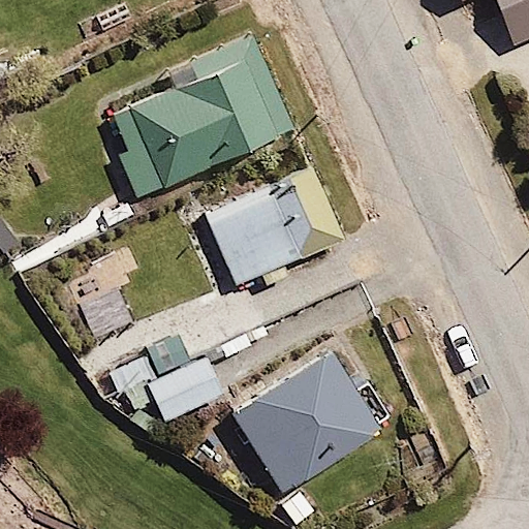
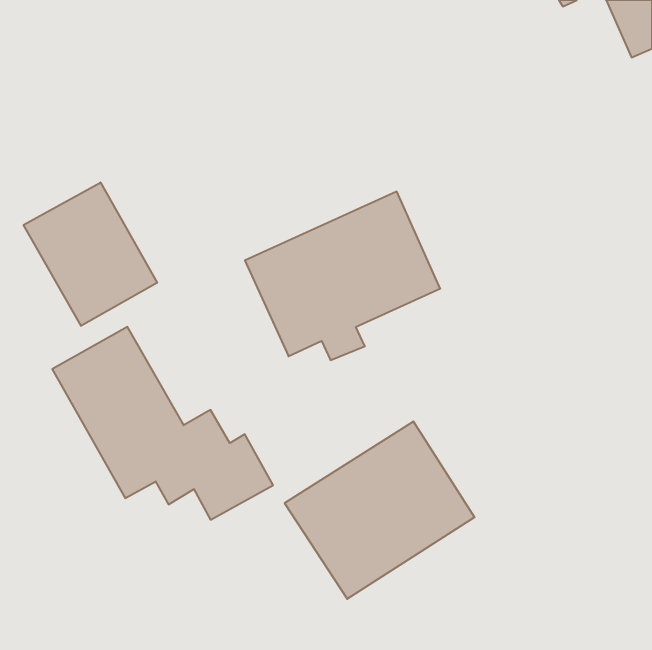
building: [111,32,299,207] -> none
building: none -> [24,182,157,326]

